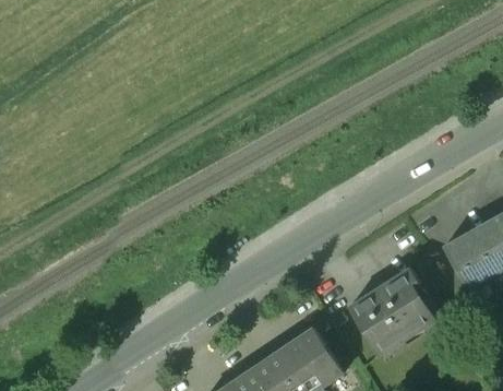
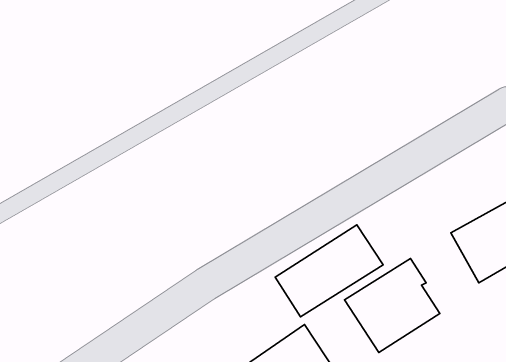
building: none -> [275,225,383,317]

